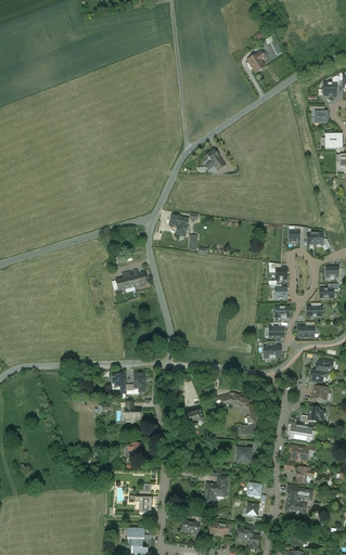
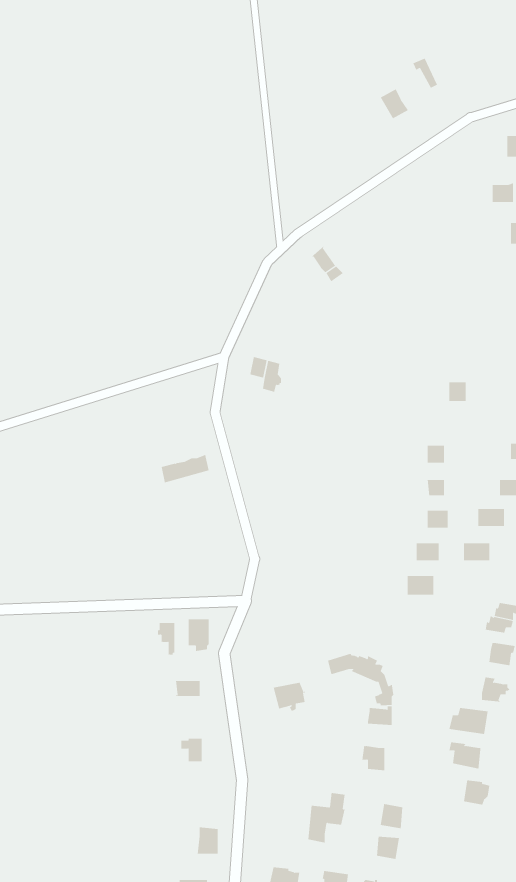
building: [285,483,312,513] -> none

